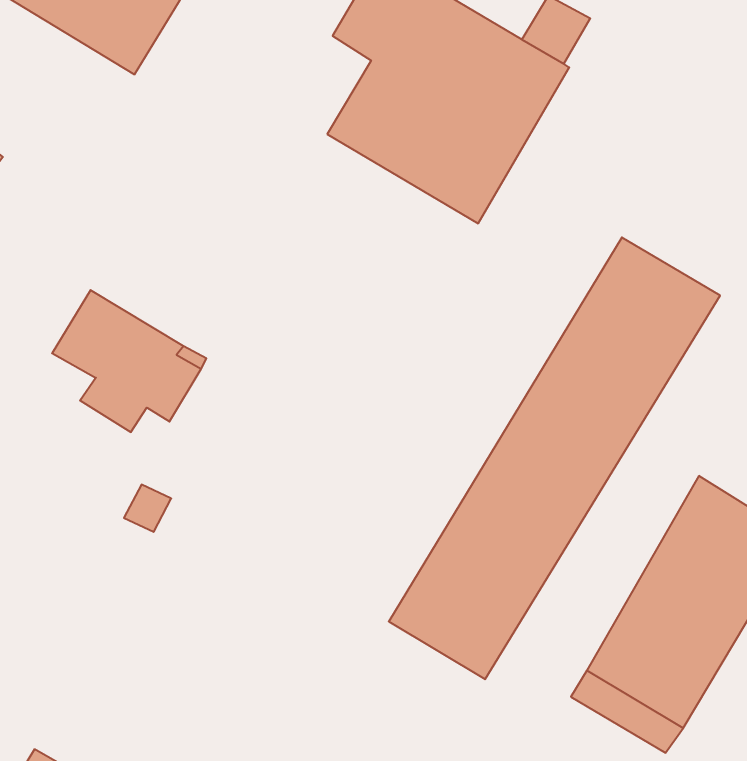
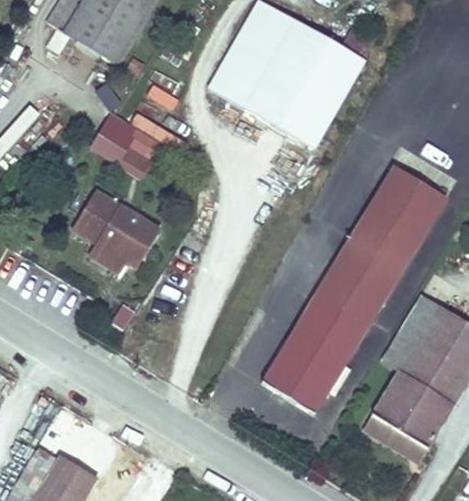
building: none -> [205,46,252,102]
building: none -> [90,110,162,177]
building: none -> [393,289,436,349]

